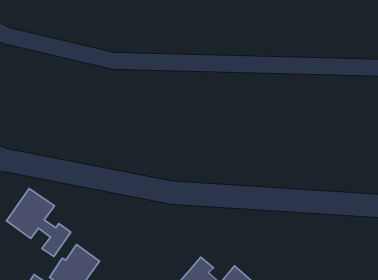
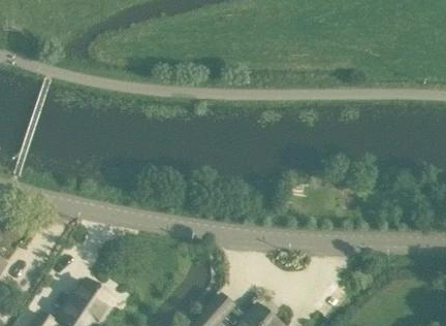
building: [6,188,71,256] -> none

